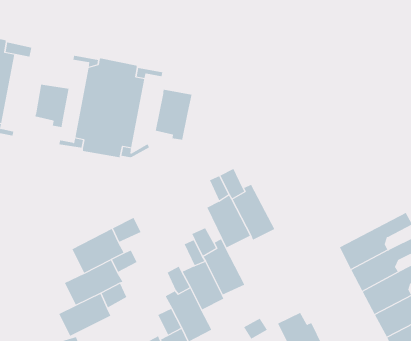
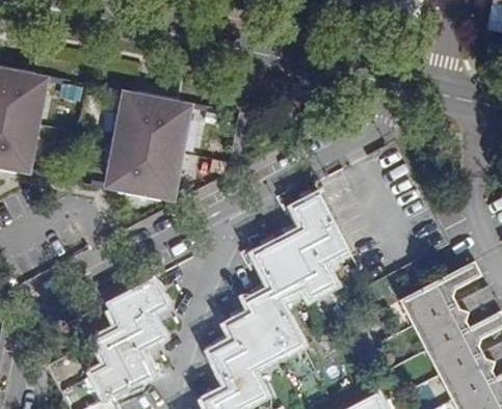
building: [35,84,69,128] -> none
building: [155,89,192,141] -> none
building: none -> [297,196,346,260]

